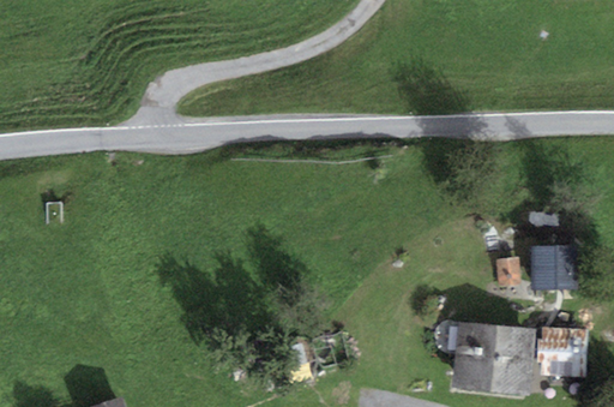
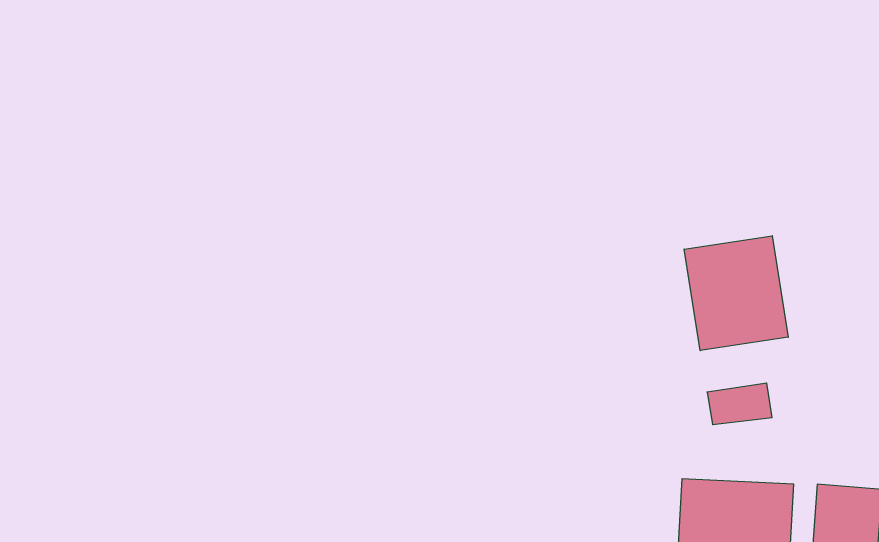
building: none -> [684,236,788,351]
building: [531,244,577,289] -> none

